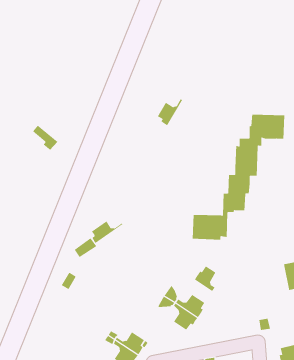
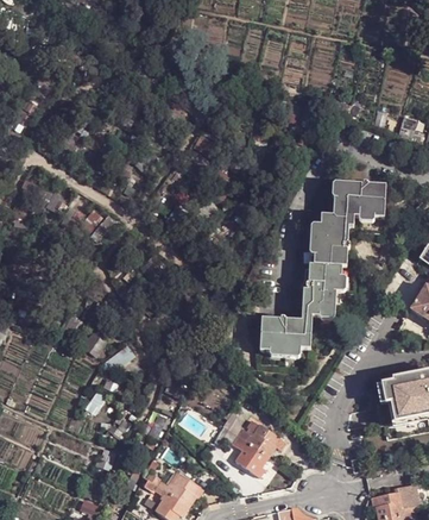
building: [157,98,183,126] -> none
building: [91,220,123,244] -> none
building: [194,265,216,292] -> none

